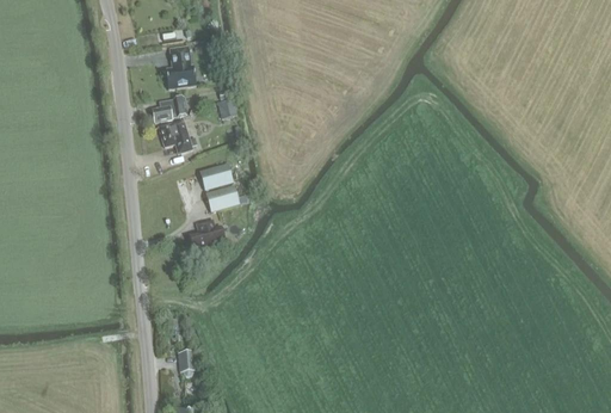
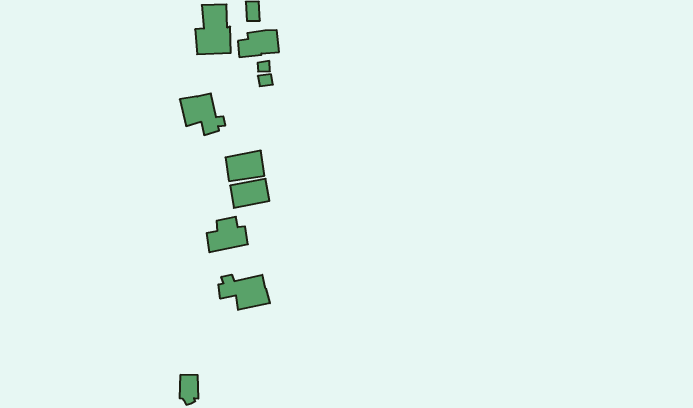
building: [152,97,186,122] -> [238,30,279,57]
building: none -> [218,275,270,310]

